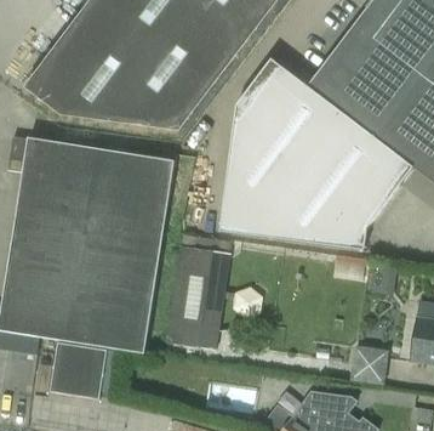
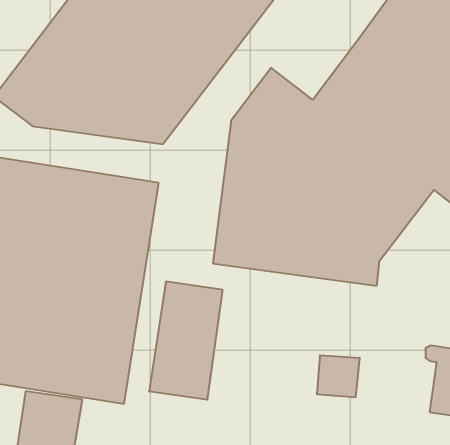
building: [352,344,389,380] -> [317,355,360,397]

